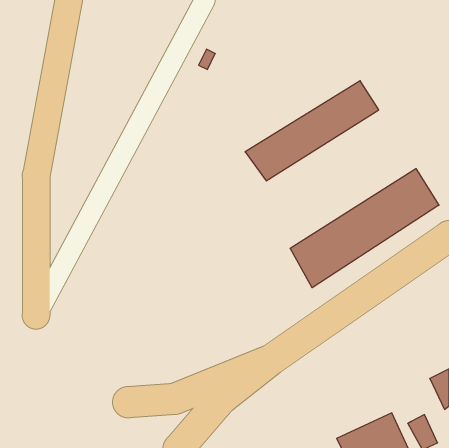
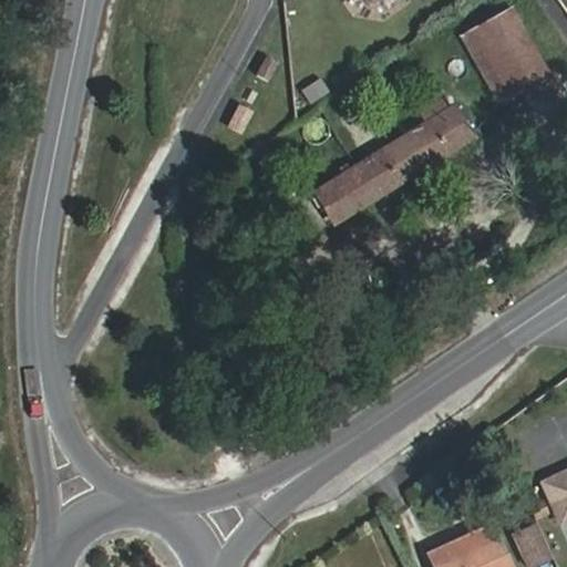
building: none -> [458,6,550,105]
building: [290,169,439,288] -> none

